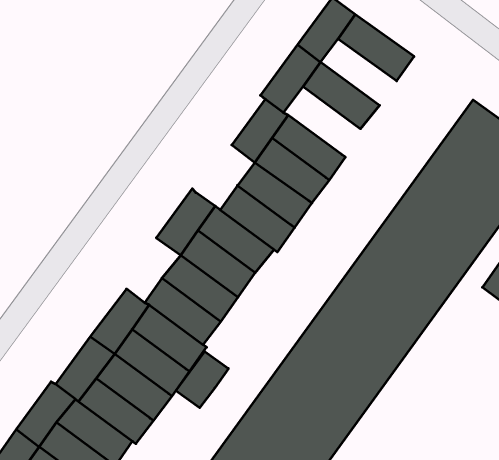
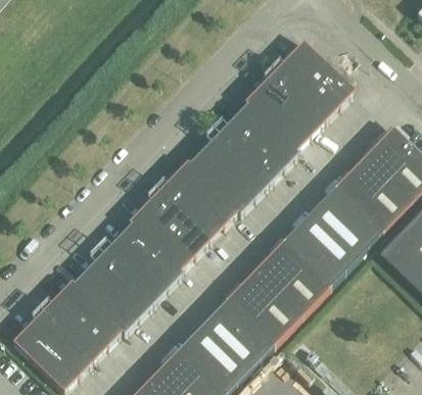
building: none -> [289,71,340,121]
building: none -> [259,101,311,152]
building: none -> [190,135,234,179]
building: none -> [130,192,174,236]
building: [176,351,228,408] -> none

